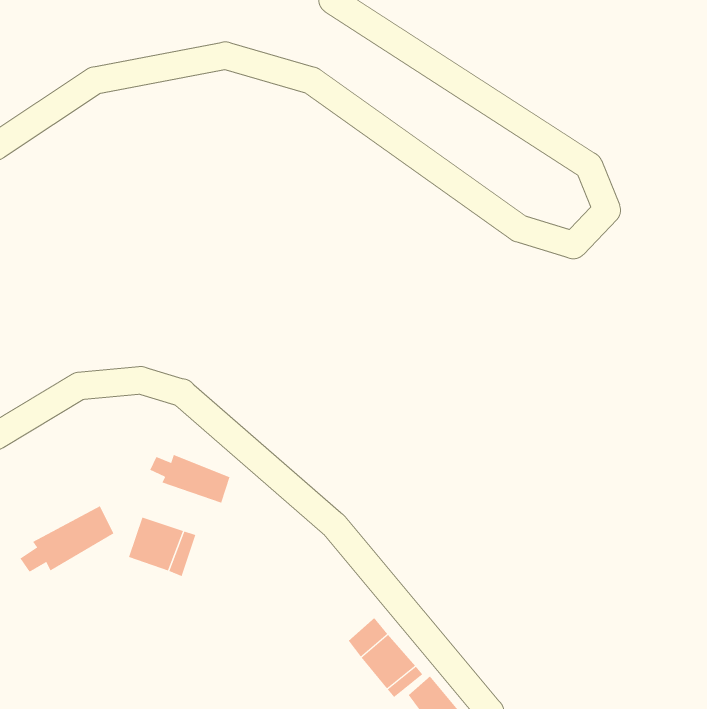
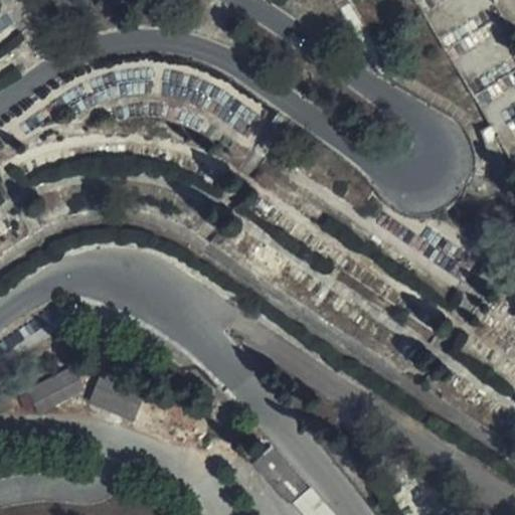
building: [150,454,230,504] -> none

